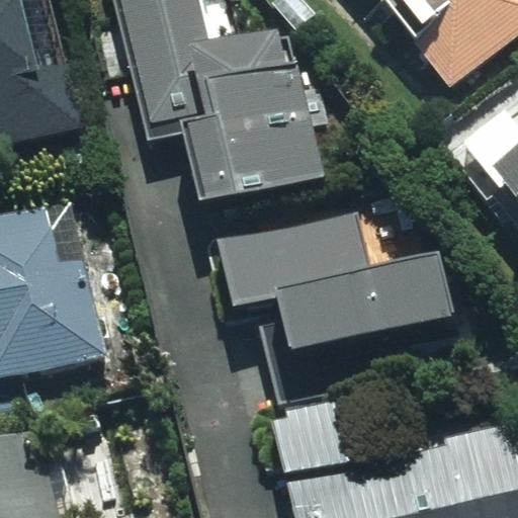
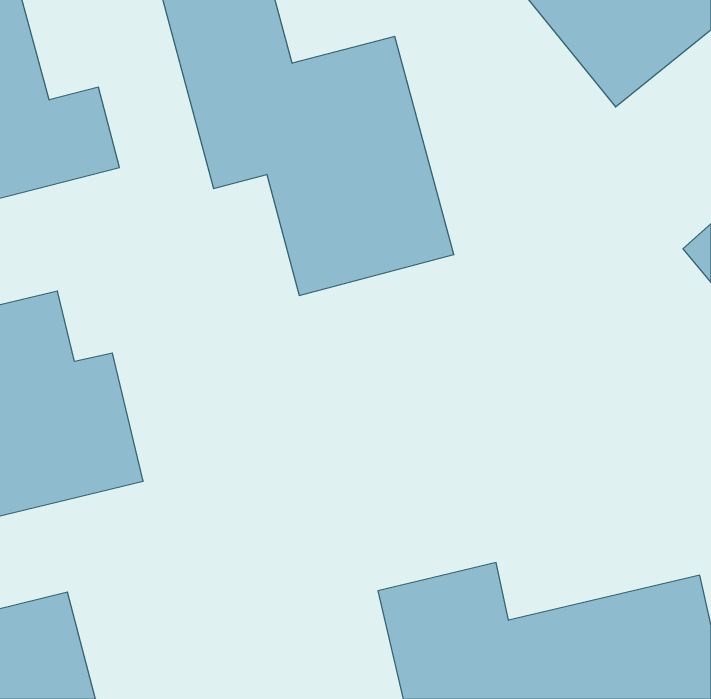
building: [223,214,455,367] -> none

